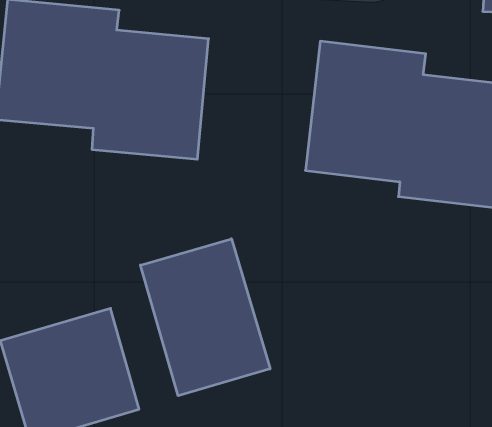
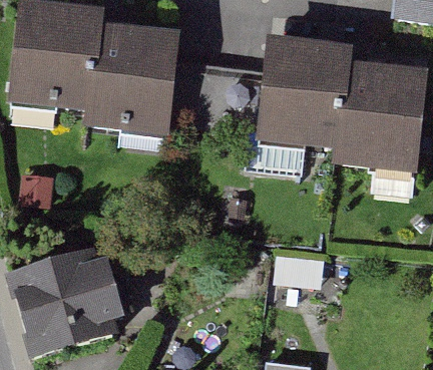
building: [140,239,270,396] -> none

